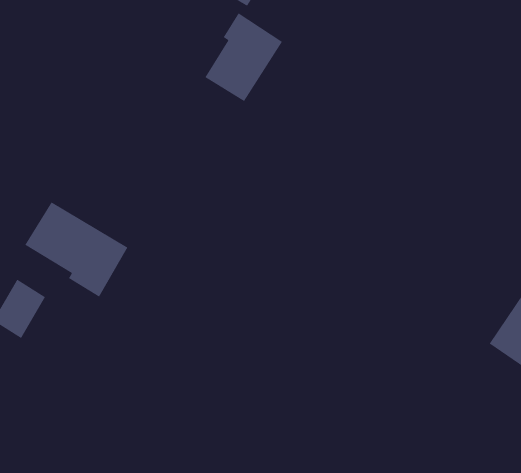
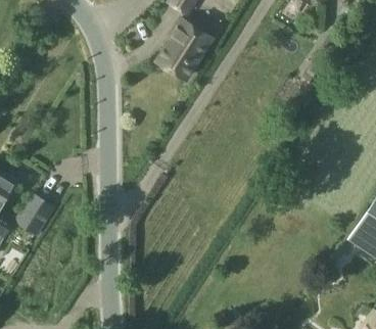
building: [25,202,128,297] -> none

